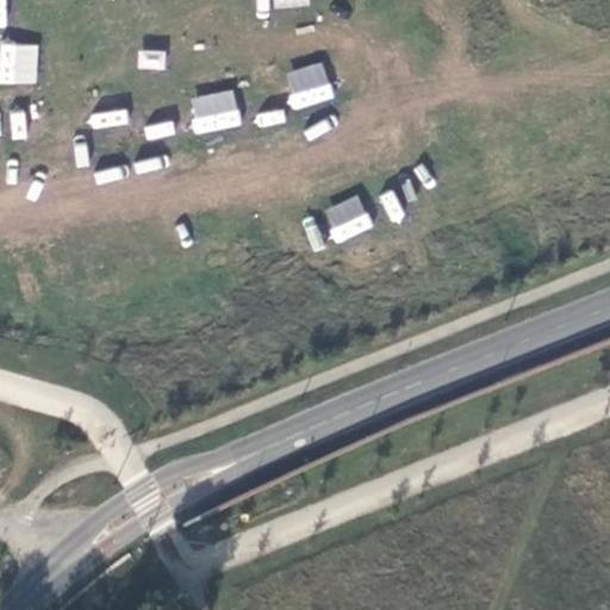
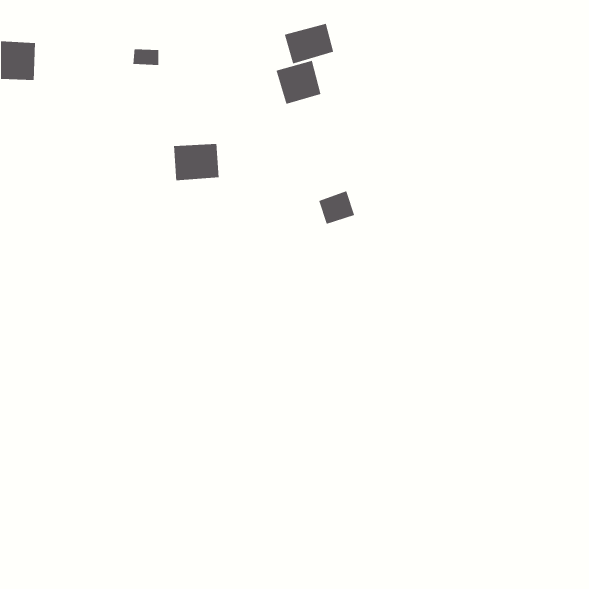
building: none -> [284,23,334,64]
building: [191,92,238,131] -> [173,143,219,181]

